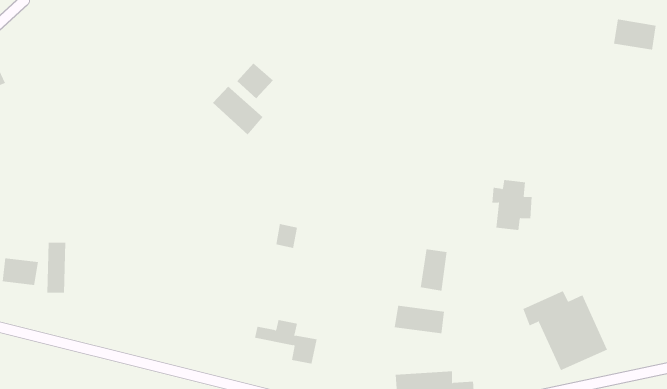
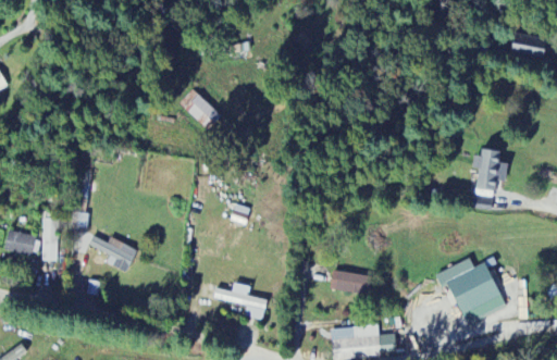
building: [237,63,274,99] -> none
building: [492,179,532,231] -> [472,148,506,190]
building: [420,249,447,291] -> none
building: none -> [88,236,136,272]

